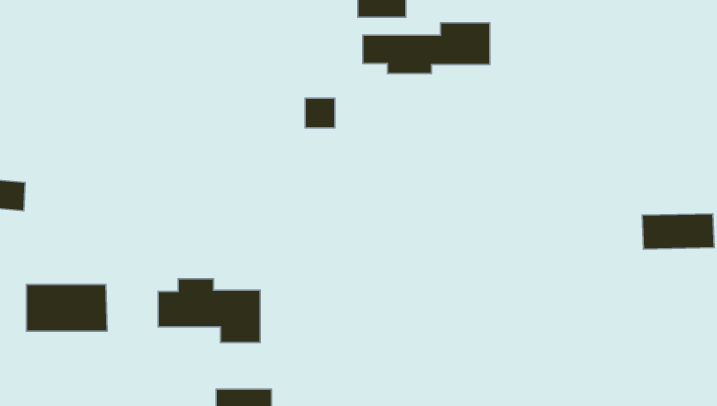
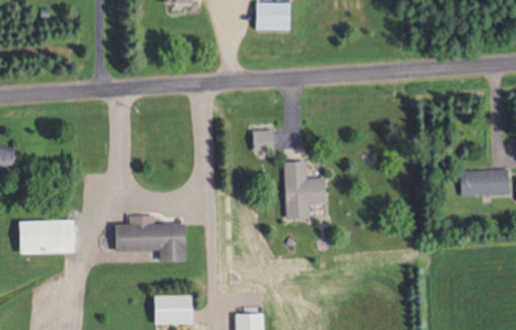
building: [363,23,490,74] -> none
building: [305,98,335,128] -> [253,129,274,150]
building: none -> [284,161,327,218]

